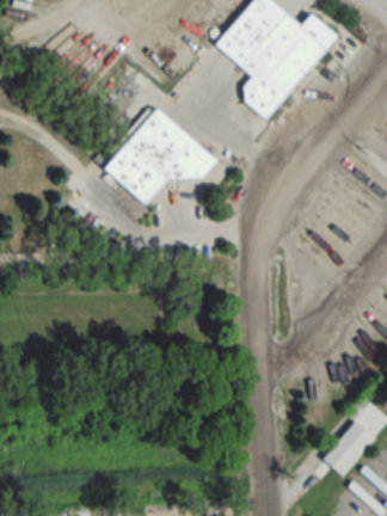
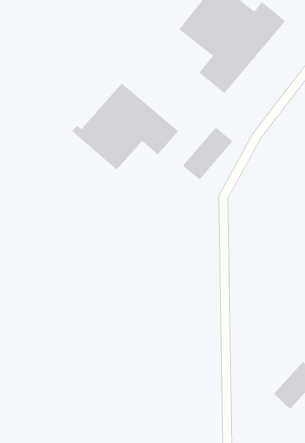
building: none -> [182,126,234,181]

